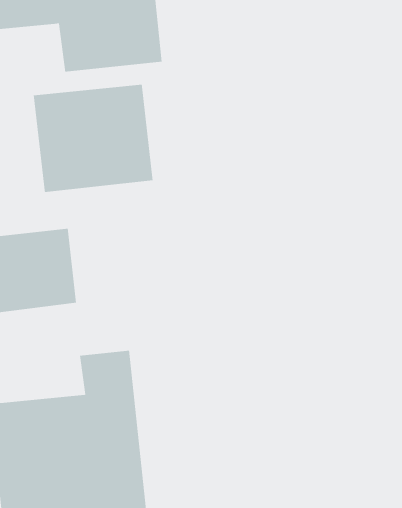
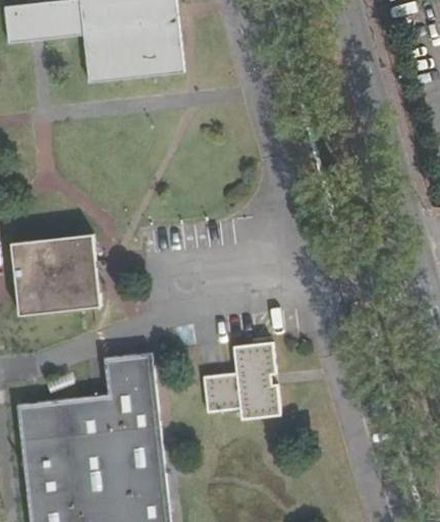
building: [33,84,153,193] -> none
building: none -> [203,342,281,419]

